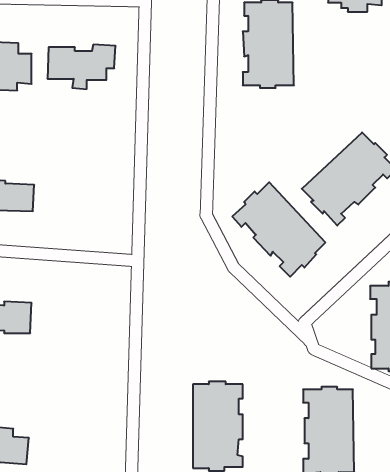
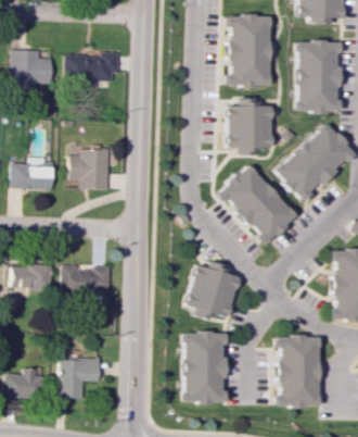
building: none -> [297,39,340,113]
building: none -> [227,99,270,155]
building: none -> [71,149,111,189]
building: none -> [187,262,240,321]
building: none -> [62,265,112,296]
building: none -> [60,358,101,398]

